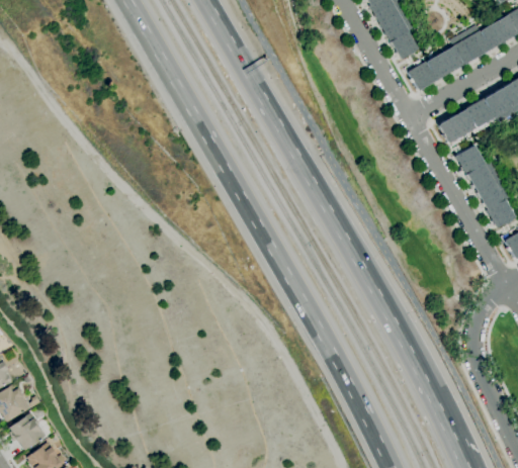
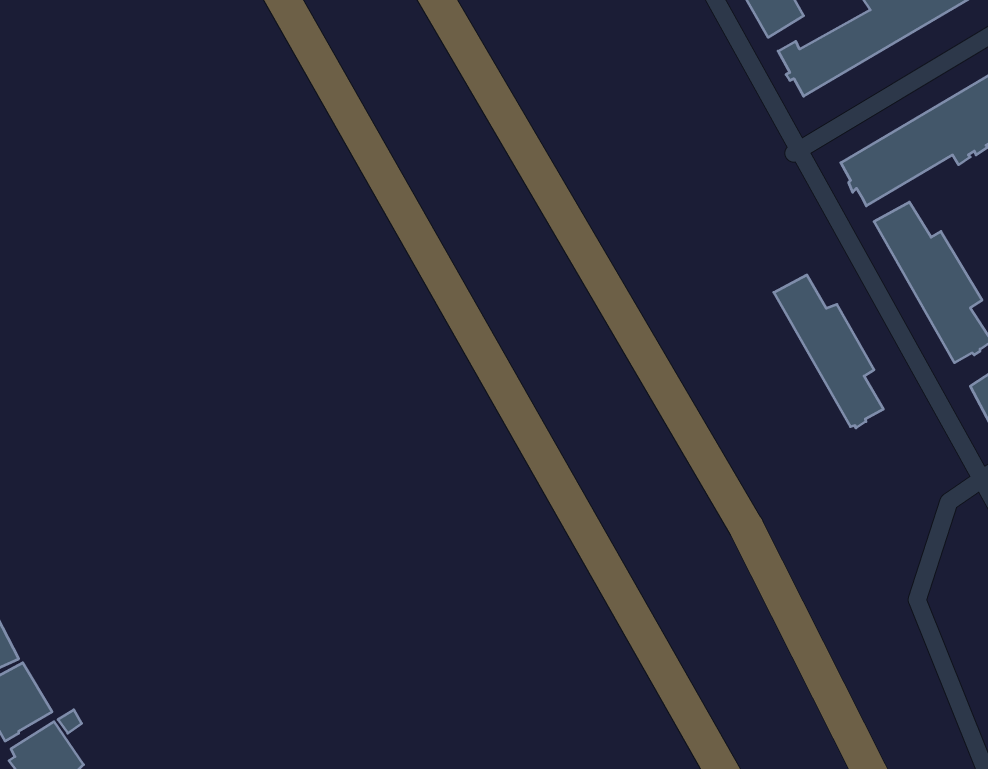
building: none -> [774,275,883,428]

